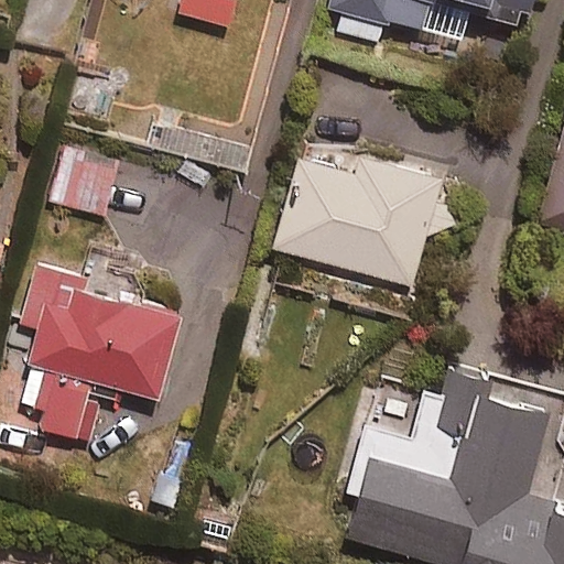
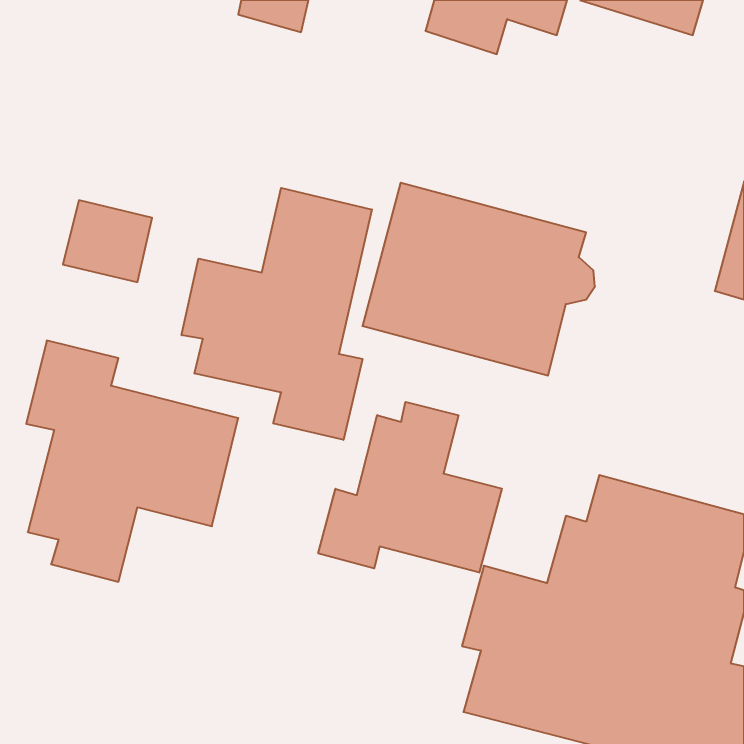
building: none -> [182,188,372,440]
building: none -> [318,402,502,573]

